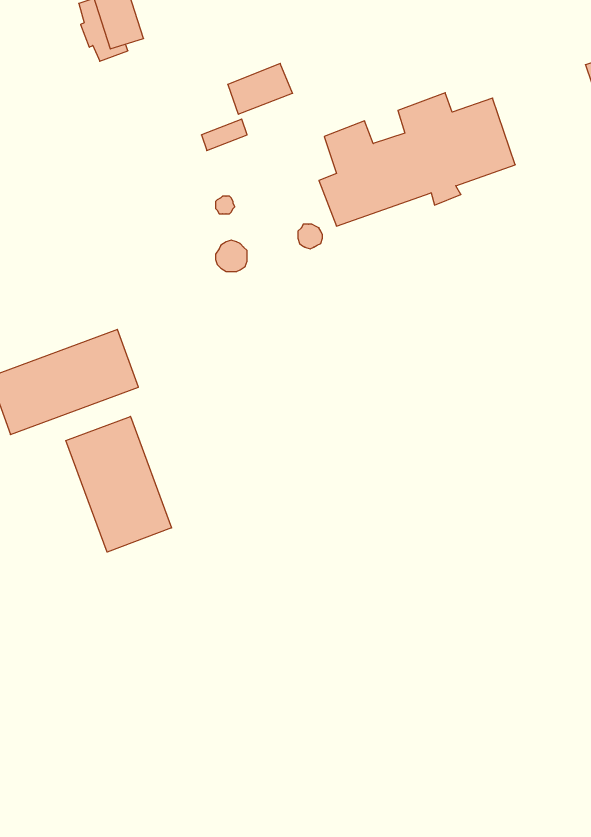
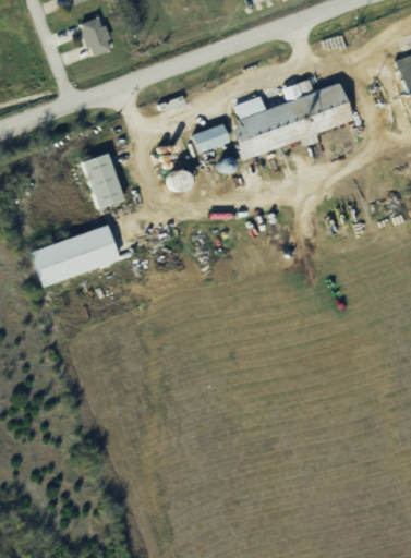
building: [228,63,293,114] -> [191,122,231,154]
building: none -> [80,153,124,210]
building: [66,416,172,552] -> none

